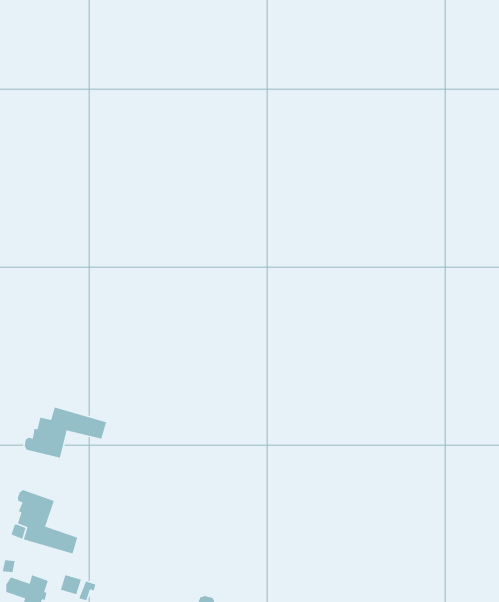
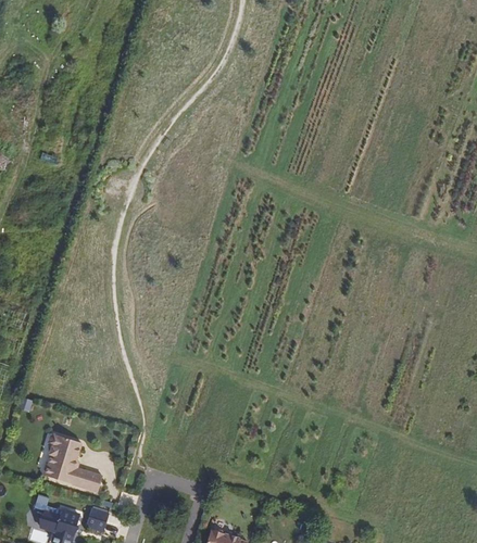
building: [24,406,107,458] -> none

